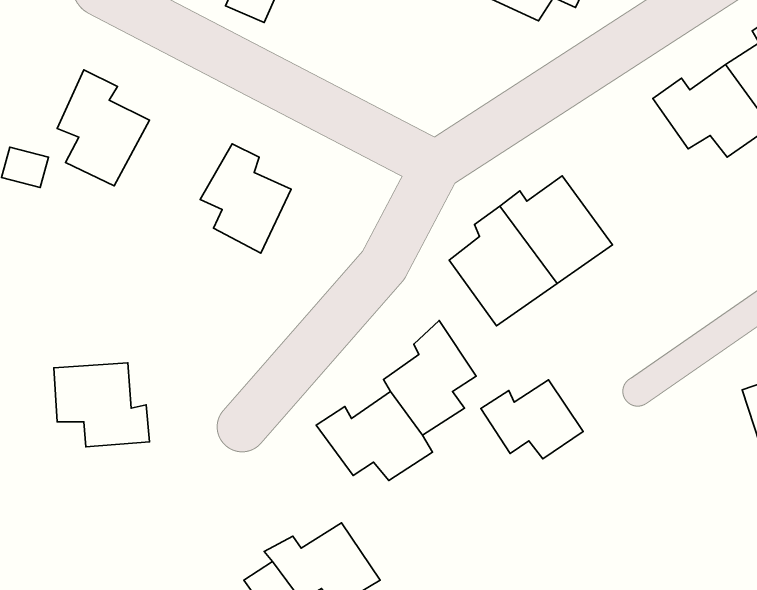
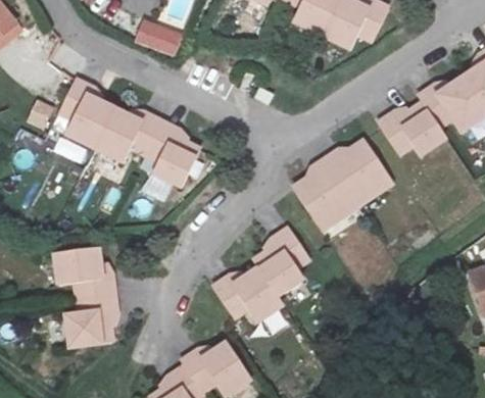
building: none -> [378,99,448,155]
building: none -> [91,106,162,161]
building: [481,380,583,459] -> none
building: none -> [62,301,113,353]

